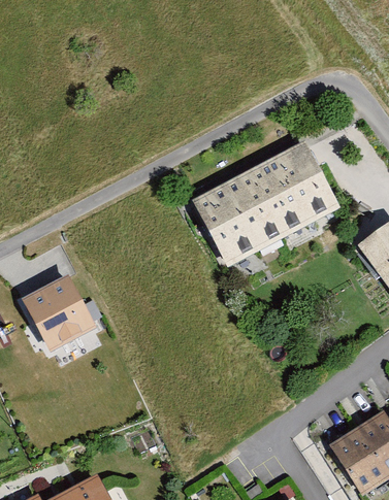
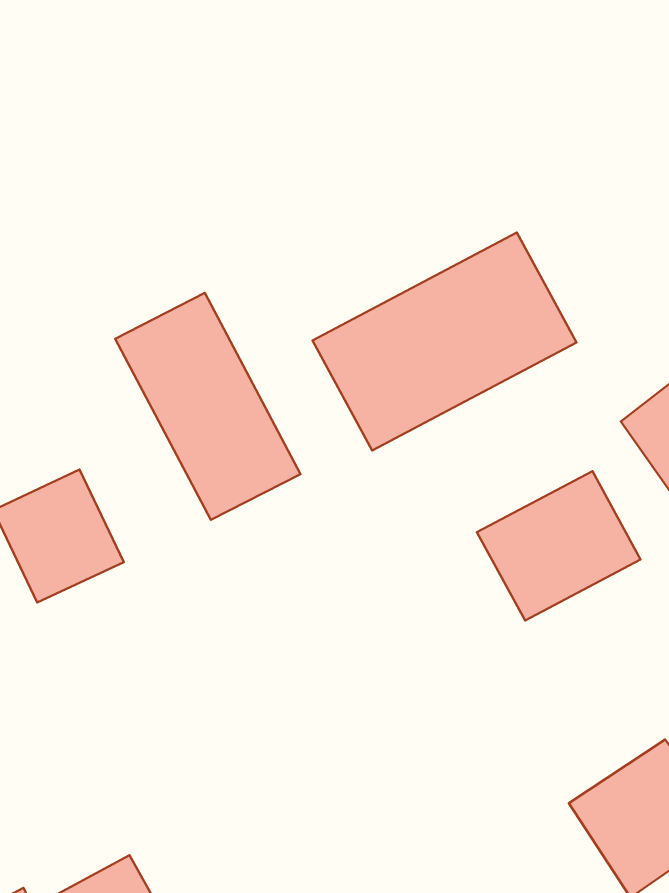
building: none -> [115,293,300,520]
building: none -> [477,471,641,621]

